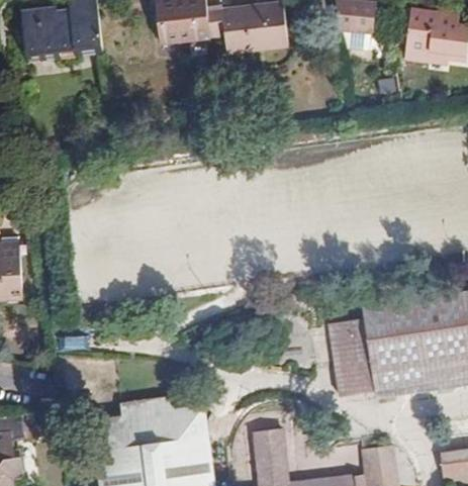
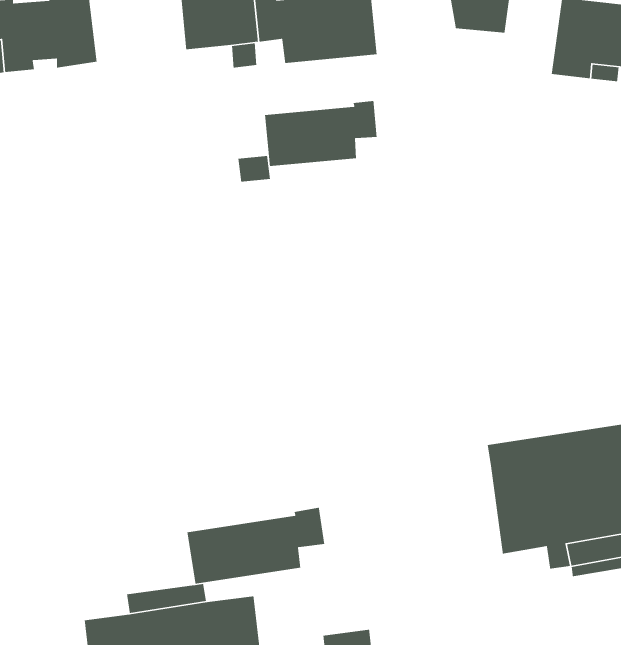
building: none -> [264,100,377,167]
building: [327,319,403,397] -> none
building: none -> [187,507,325,585]

